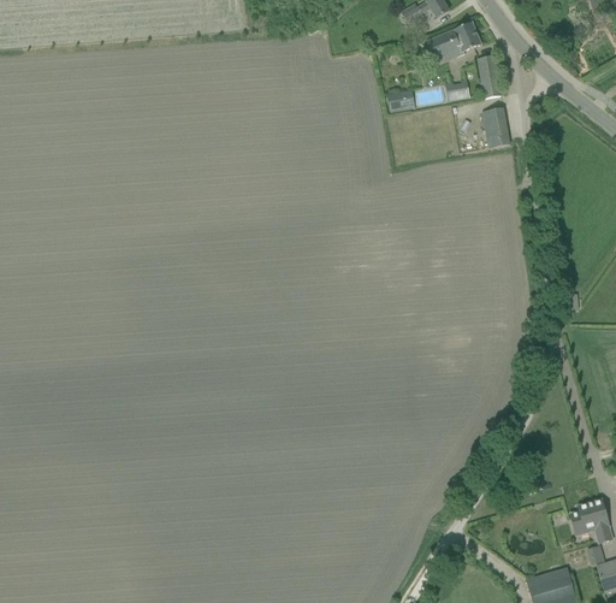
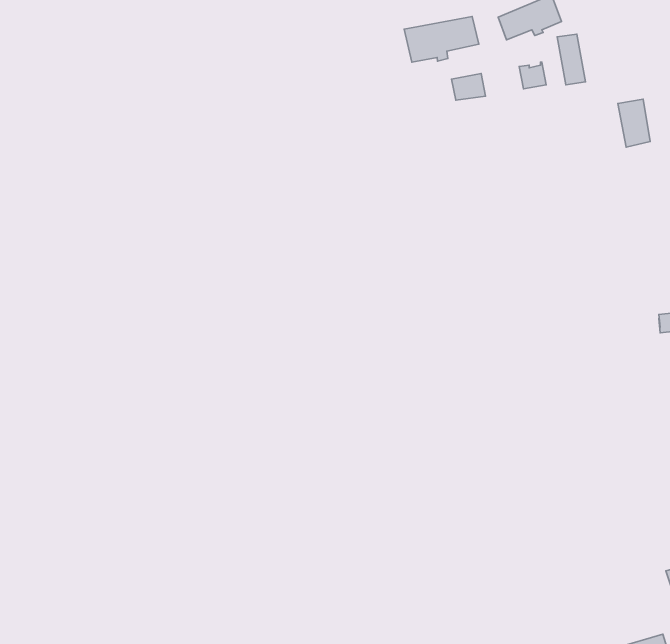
building: none -> [404,16,479,62]
building: [482,108,510,149] -> [618,99,650,147]

